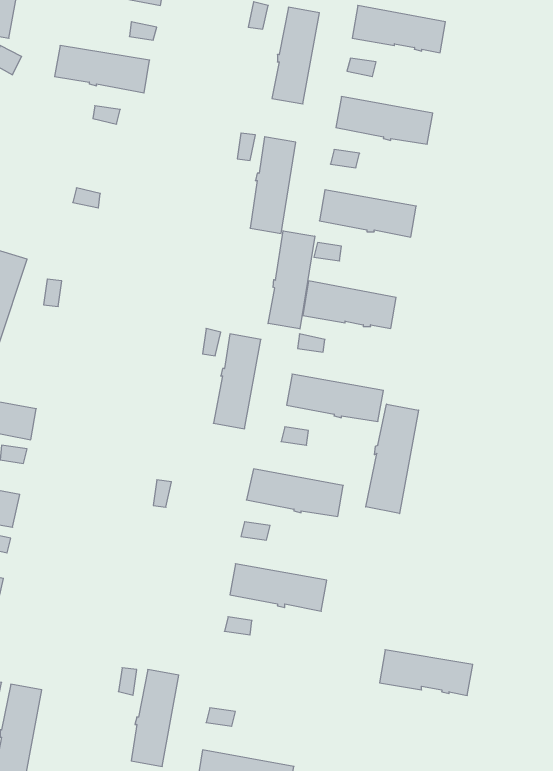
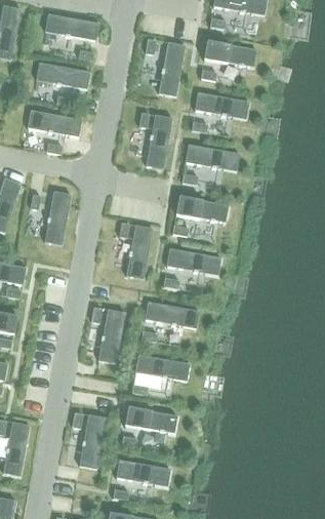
building: none -> [27,110,81,136]
building: [268,231,315,329] -> none
building: none -> [44,191,71,244]
building: [366,404,419,514] -> none
building: none -> [98,309,125,363]
building: [380,650,473,695] -> [124,406,176,432]

